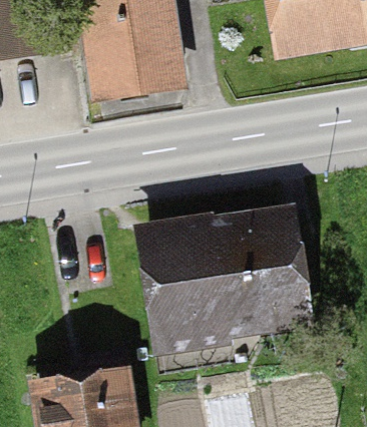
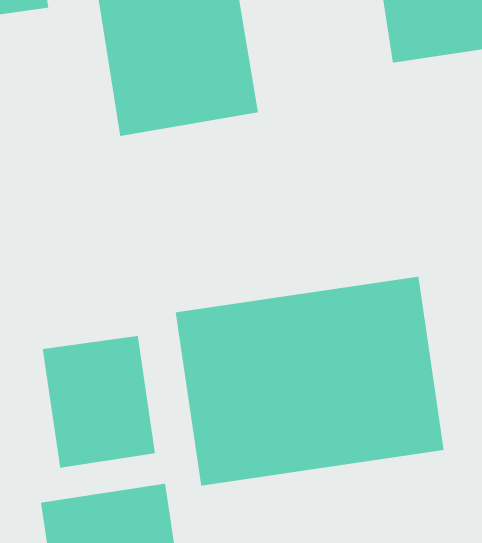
building: none -> [42,335,156,469]

